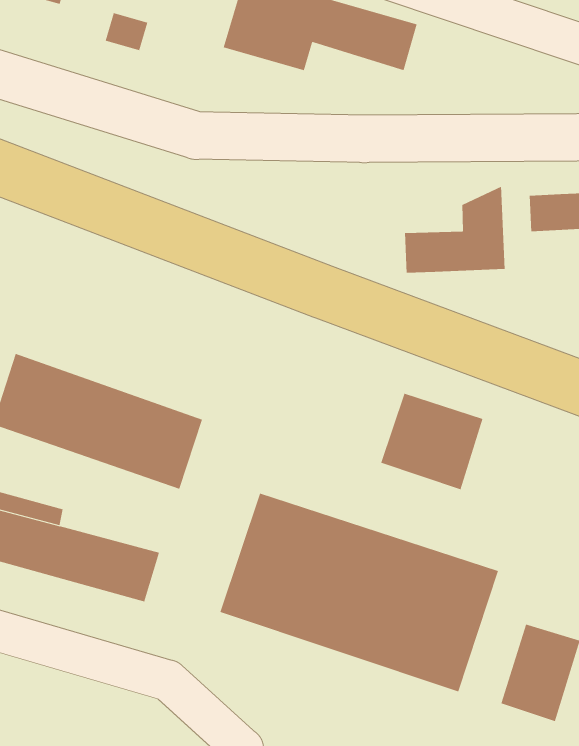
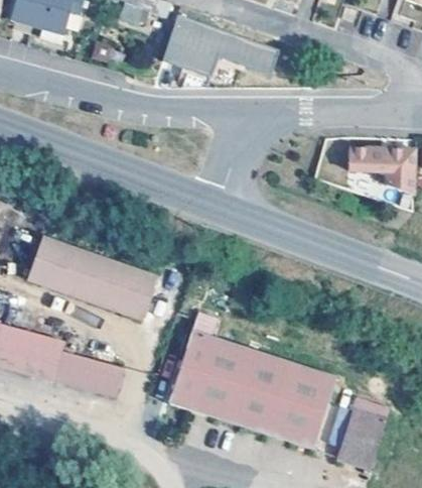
building: [404,186,505,274] -> none
building: [380,393,483,490] -> none

